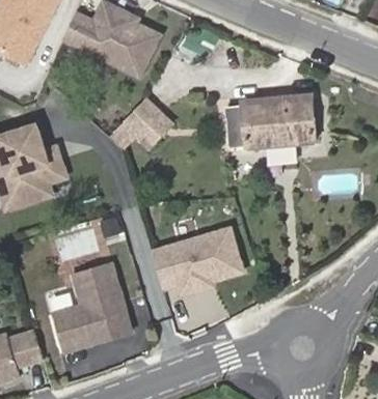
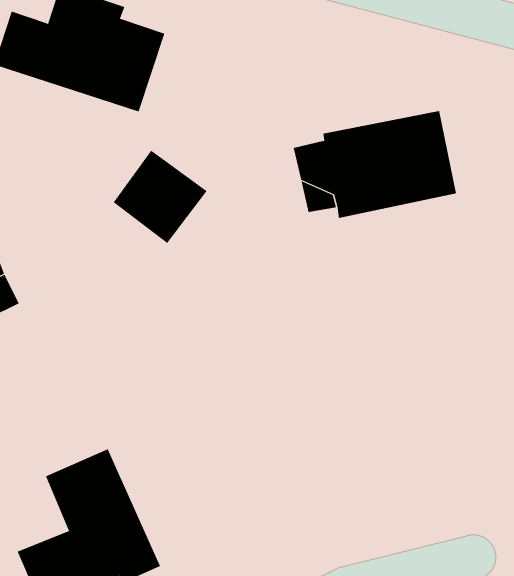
building: [156,226,247,293] -> none

